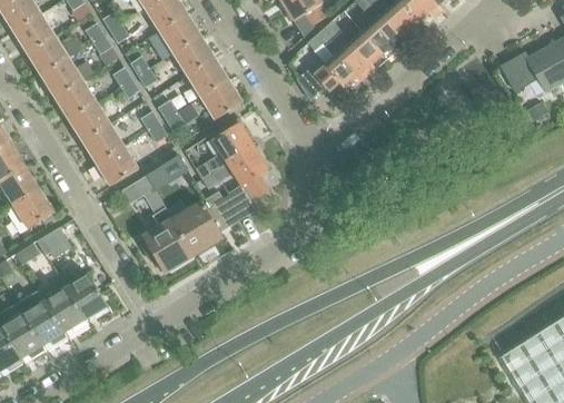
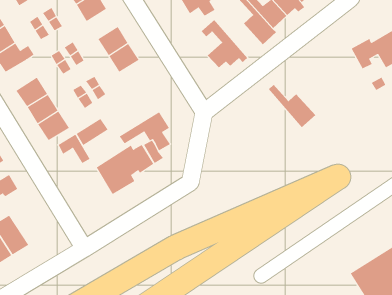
building: [159,14,200,53] -> none
building: [325,21,387,78] -> [268,84,316,128]
building: [55,80,96,120] -> none
building: [201,80,241,119] -> none
building: [195,122,254,179] -> none
building: [141,208,192,272] -> none
building: [60,274,108,320] -> none

